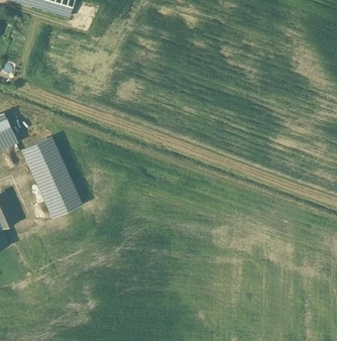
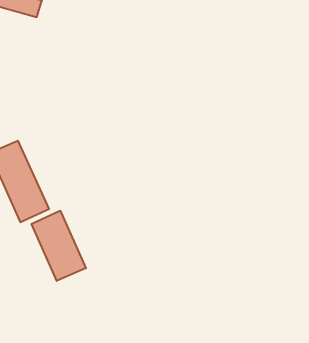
building: none -> [32,211,86,281]

